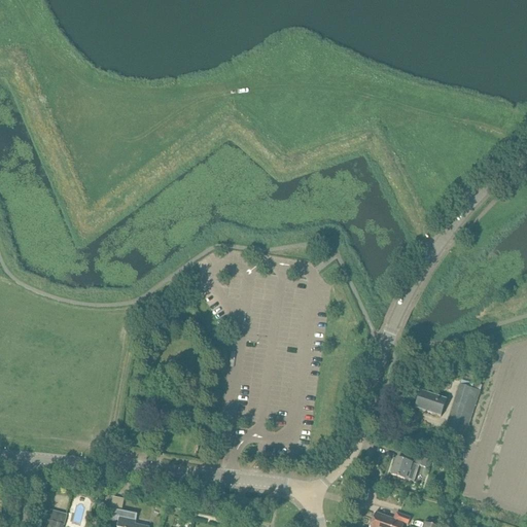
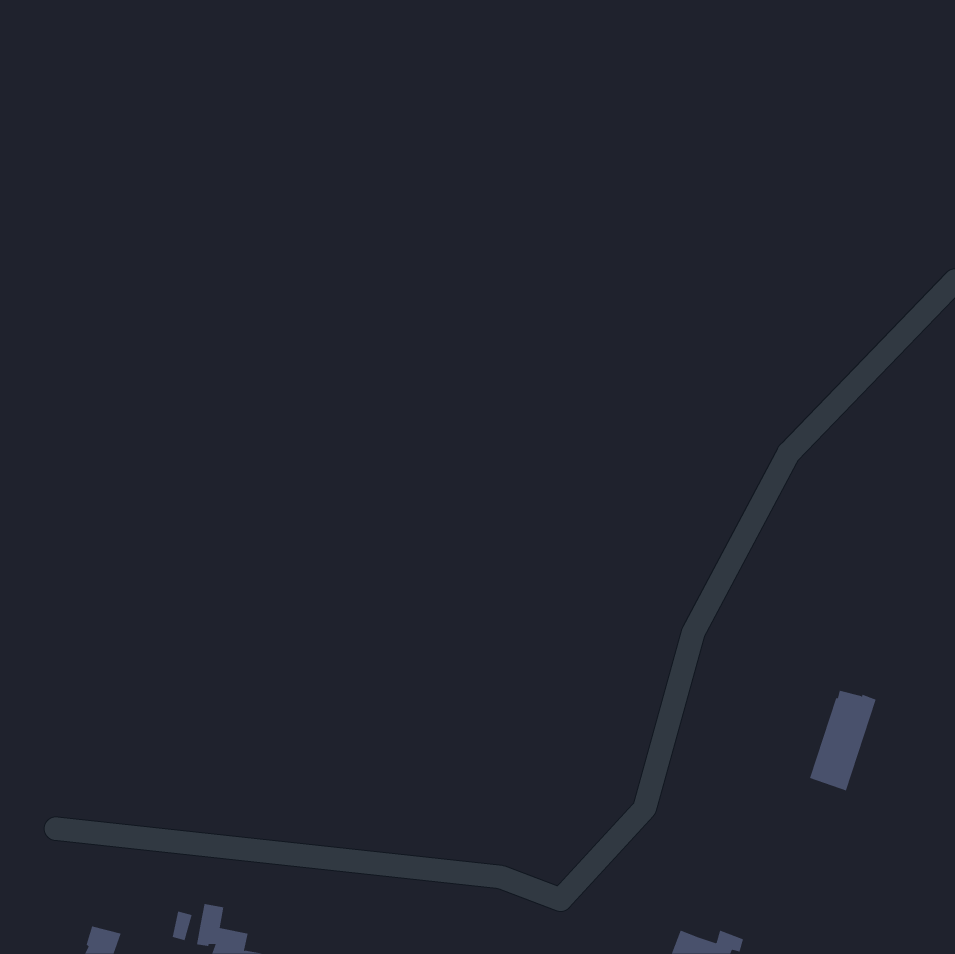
building: [415,387,447,416] -> none
building: [391,456,430,482] -> none

